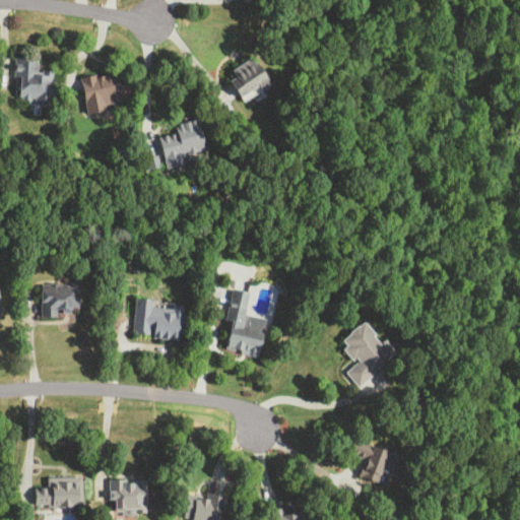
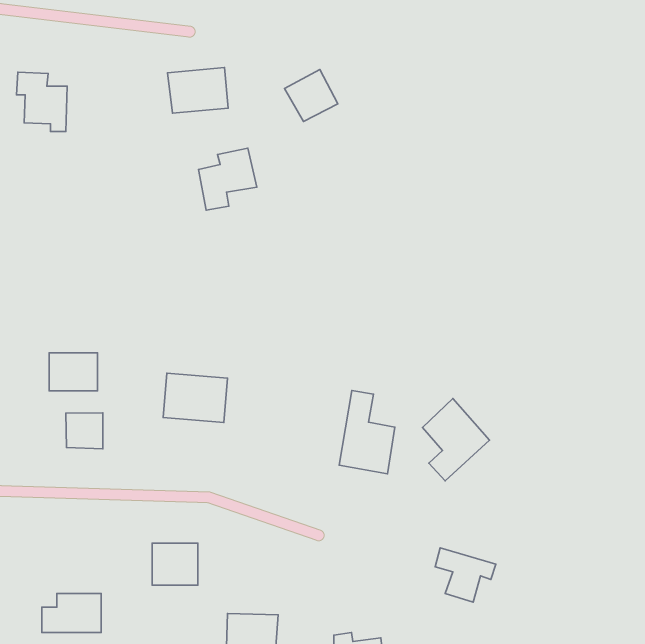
building: [82,74,131,111] -> [168,68,228,113]
building: [222,291,267,359] -> [339,390,395,474]
building: none -> [66,413,103,449]
building: [110,481,146,515] -> [152,543,198,585]

